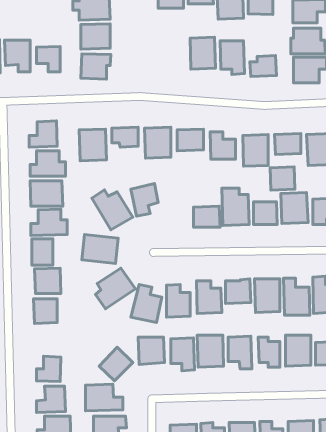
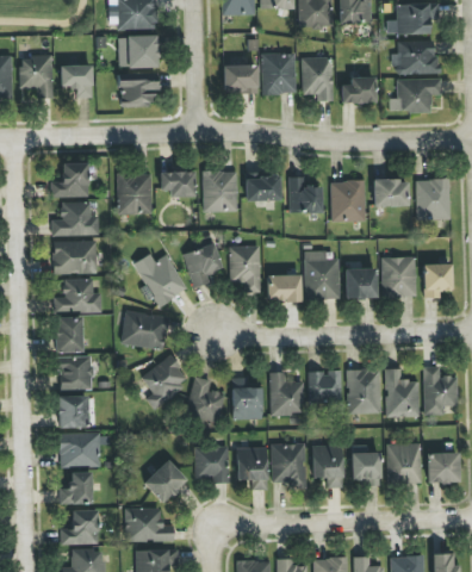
building: none -> [223,64,257,93]
building: [270,167,295,190] -> none
building: none -> [230,245,260,292]
building: none -> [60,433,107,467]

